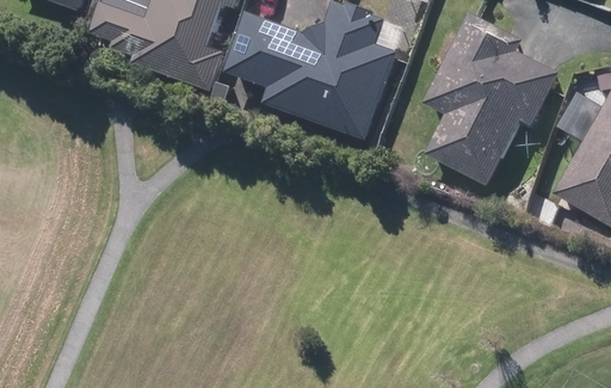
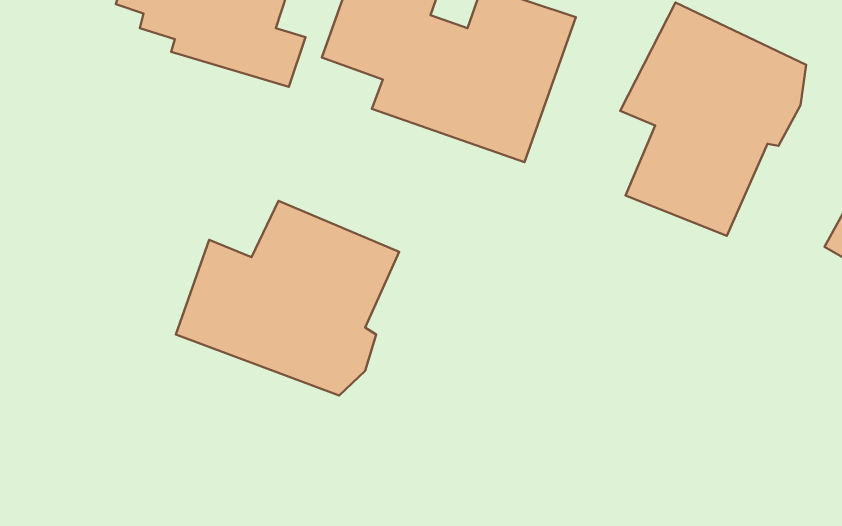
building: none -> [176,201,399,395]

